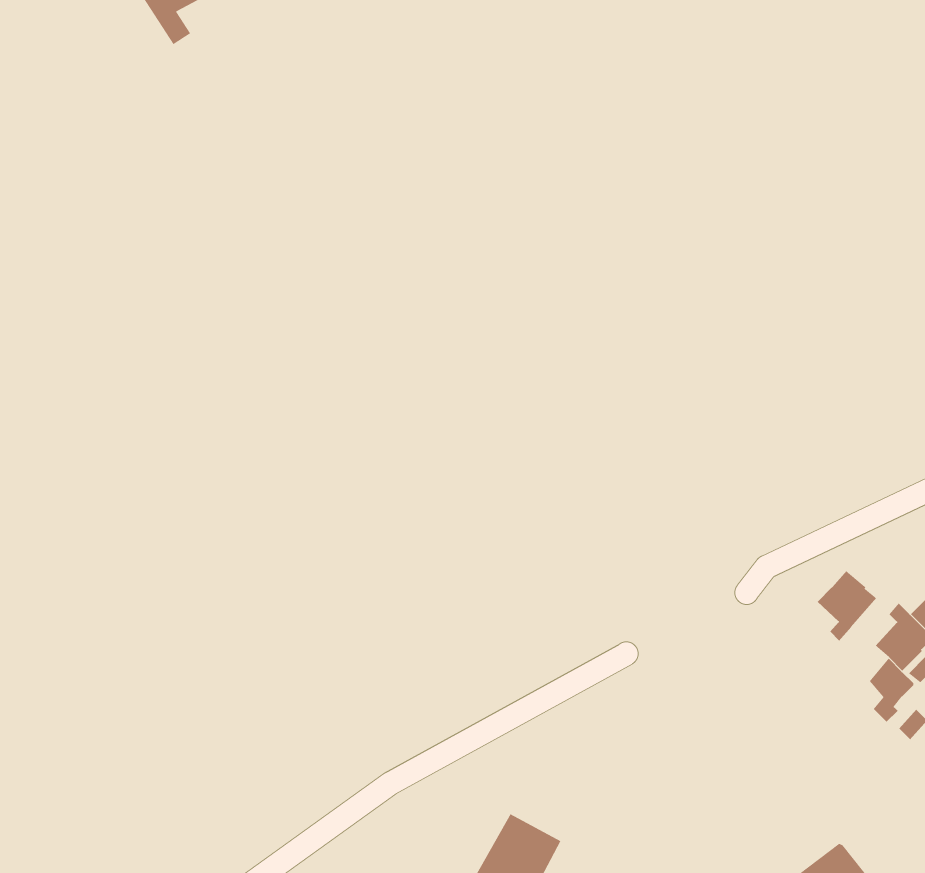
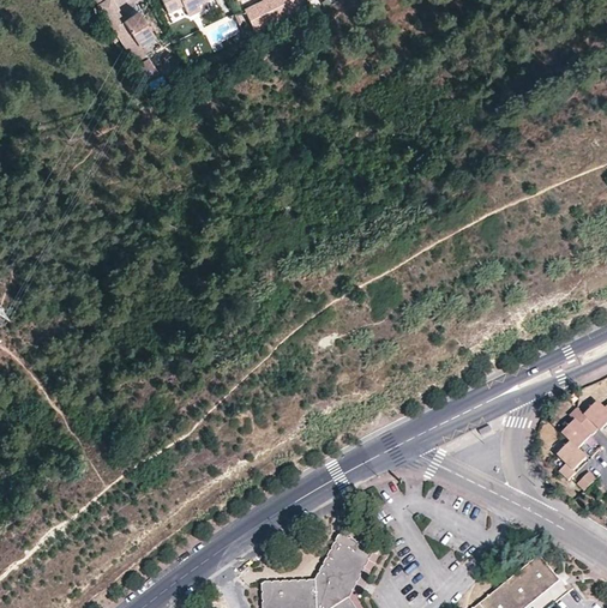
building: [817,570,877,642] -> none

